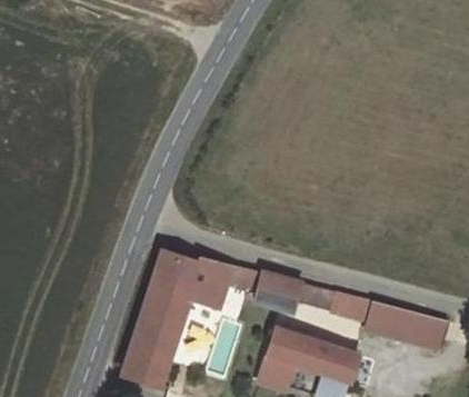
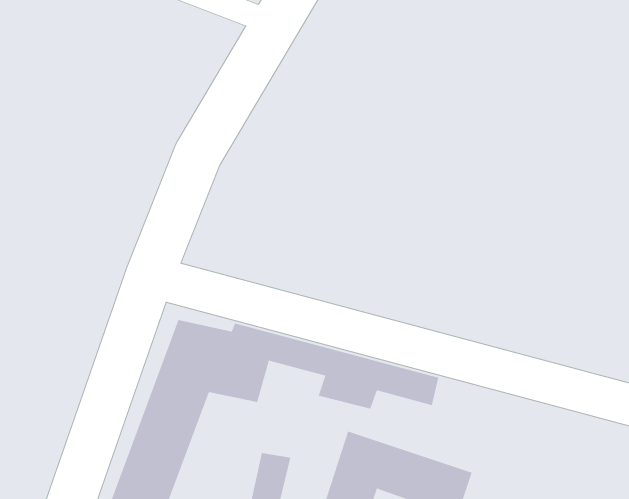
building: [333,291,449,351] -> none

